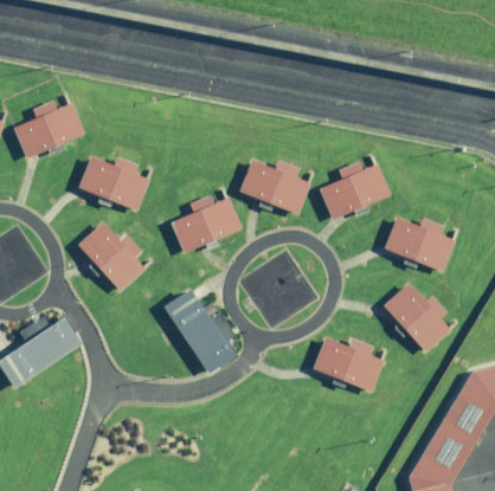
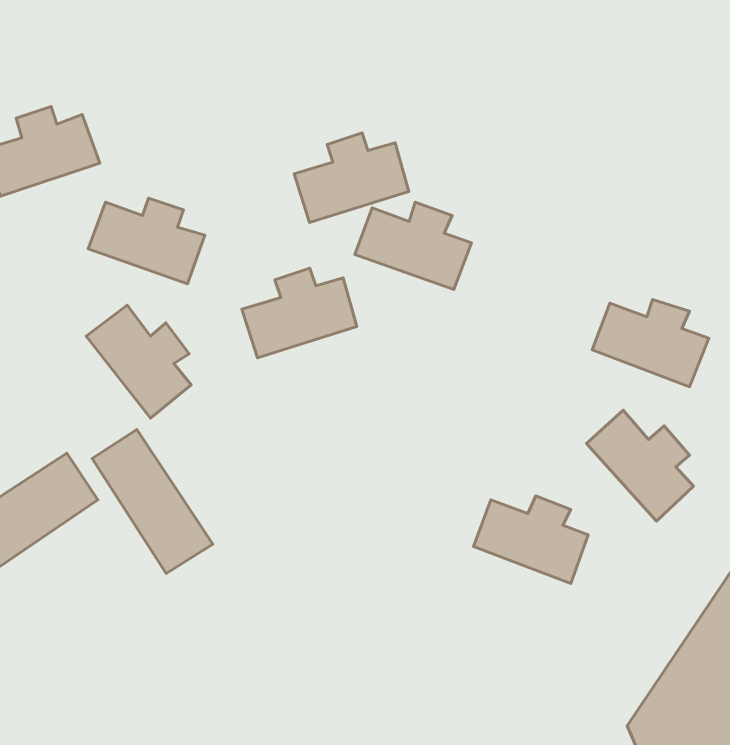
building: [323,163,393,218] -> [294,133,409,223]
building: [166,286,239,374] -> [92,429,213,574]

